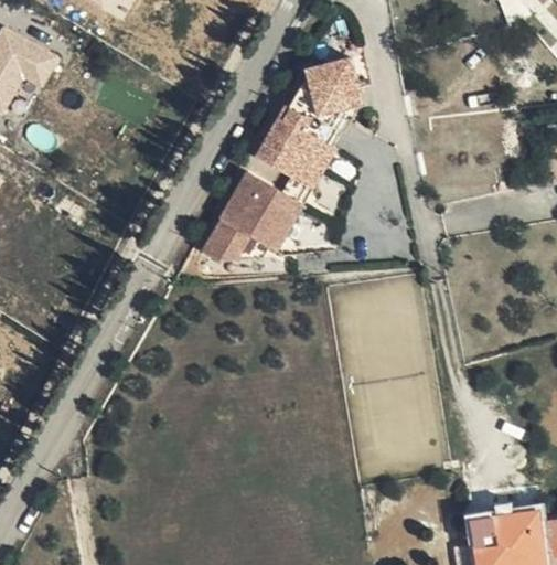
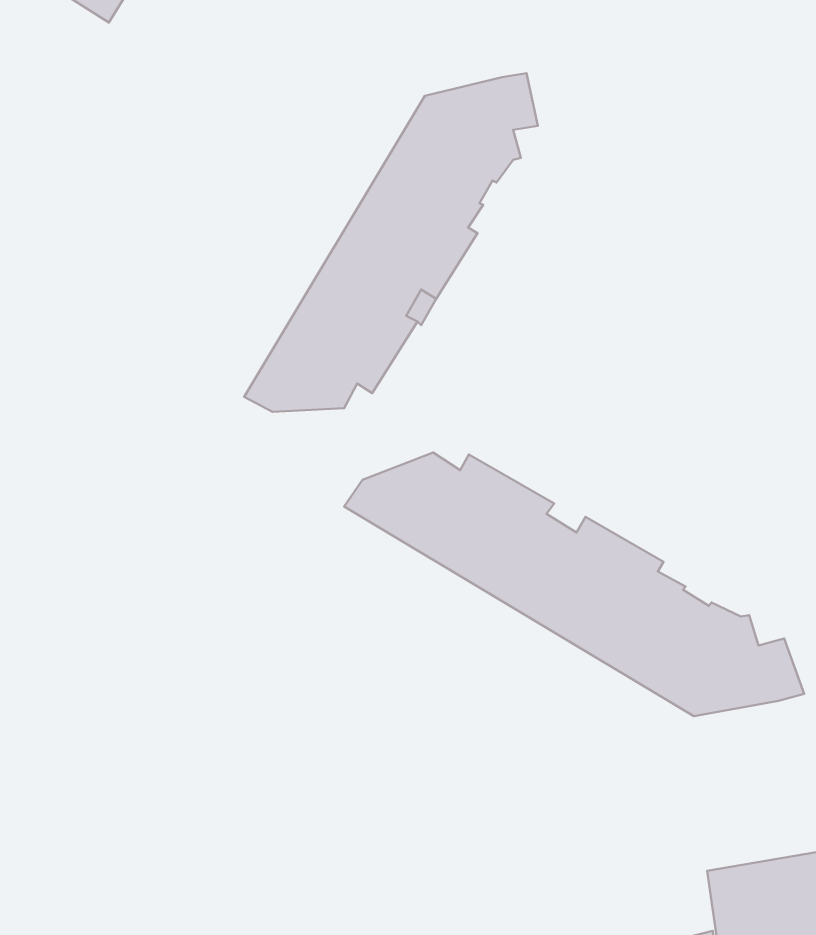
building: none -> [344,453,804,716]

